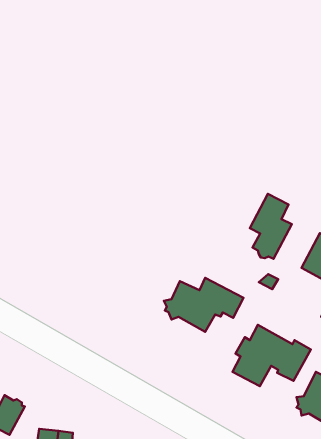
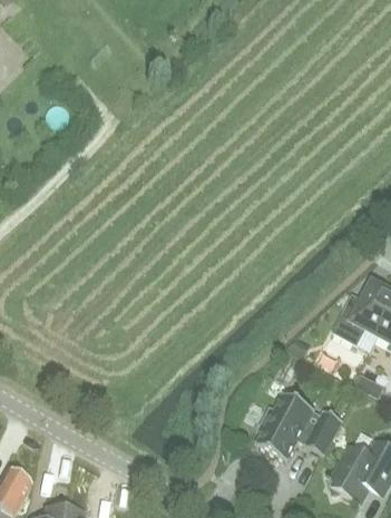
building: [250,194,292,259] -> none
building: [164,278,244,332] -> none

